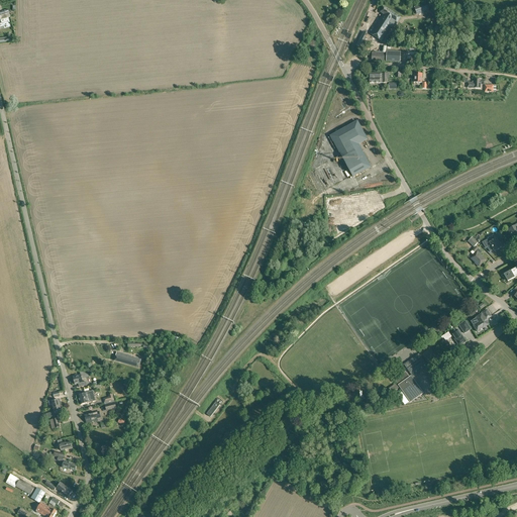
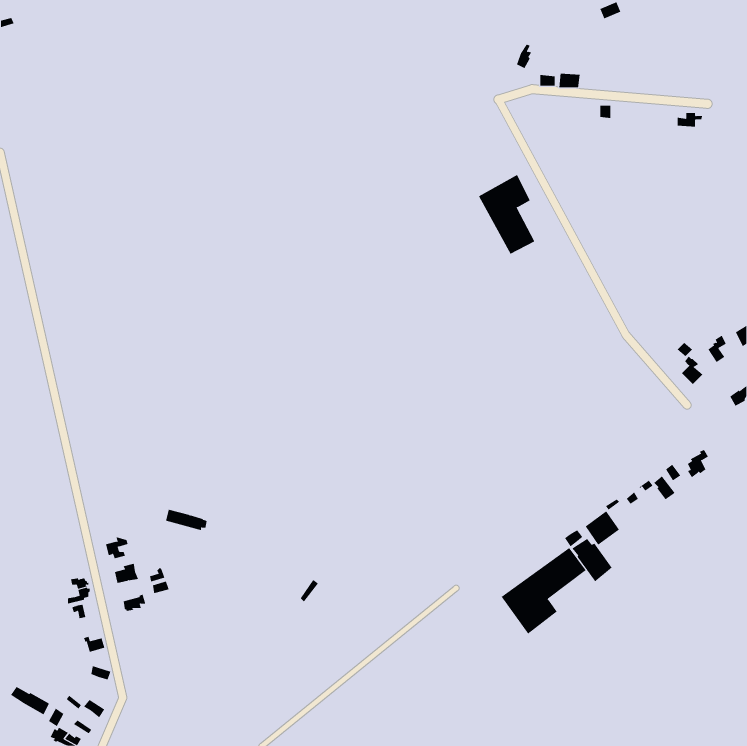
building: [371,6,400,39] -> none
building: none -> [501,547,587,635]

